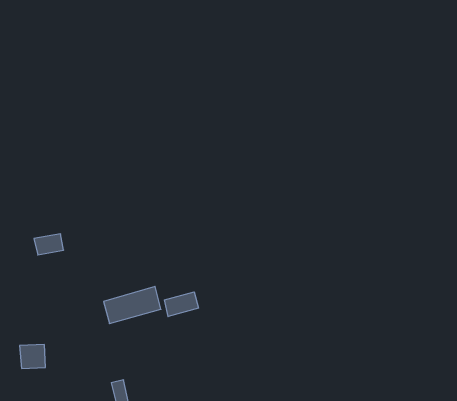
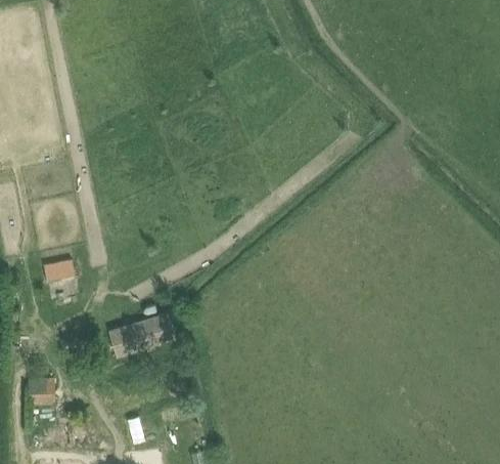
building: [165,292,199,317] -> none

